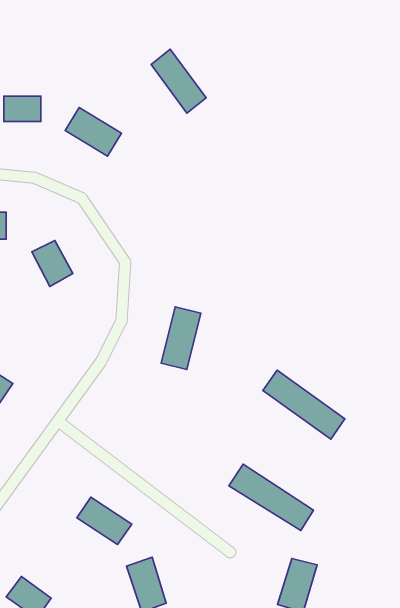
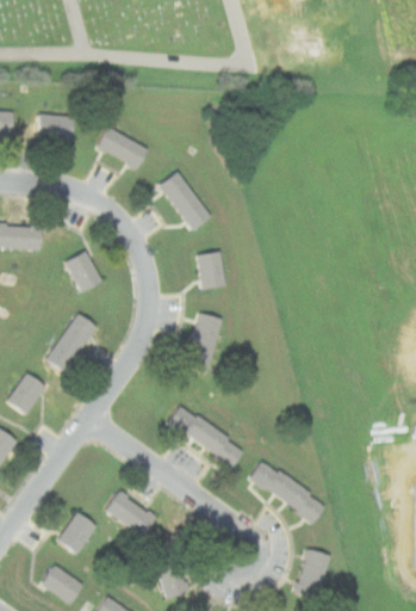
building: [151,49,206,113] -> [159,172,210,232]
building: none -> [197,252,224,289]
building: none -> [45,314,98,371]
building: [263,370,345,439] -> [168,403,244,468]
building: none -> [57,511,97,553]

